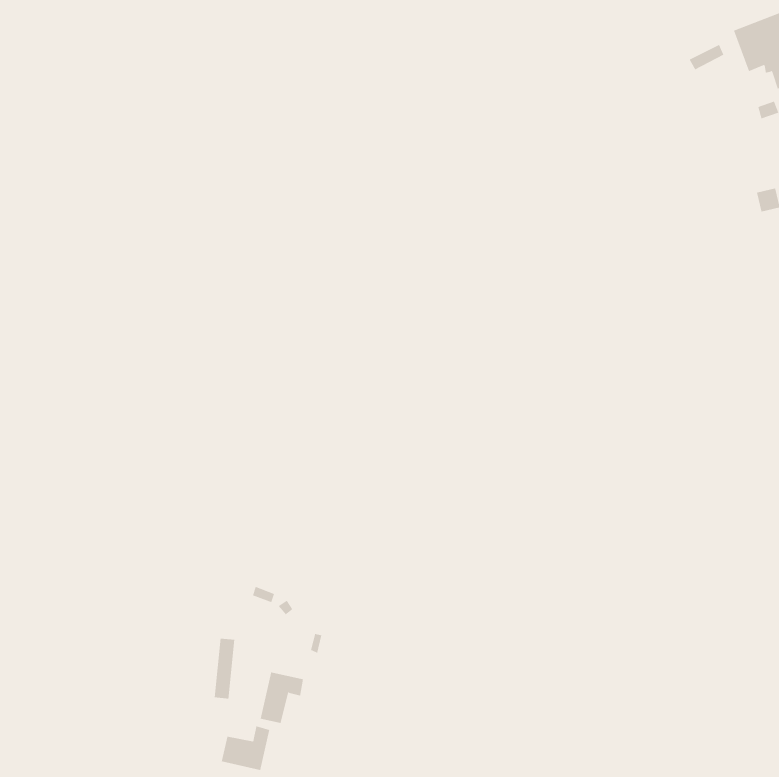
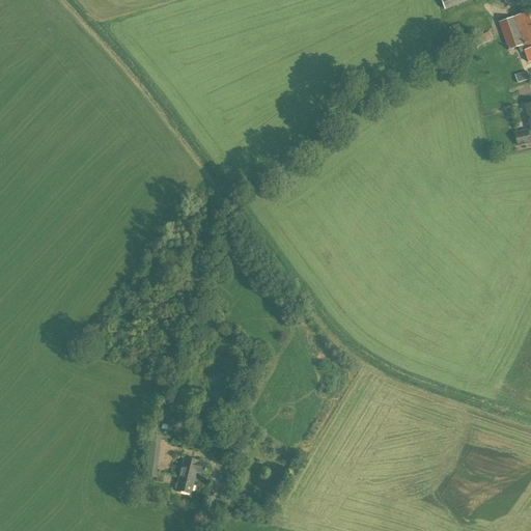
building: [221,726,270,771] -> none

